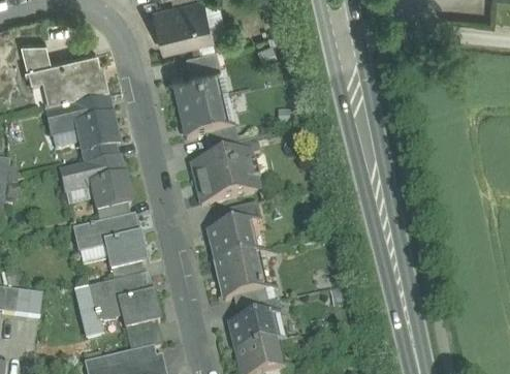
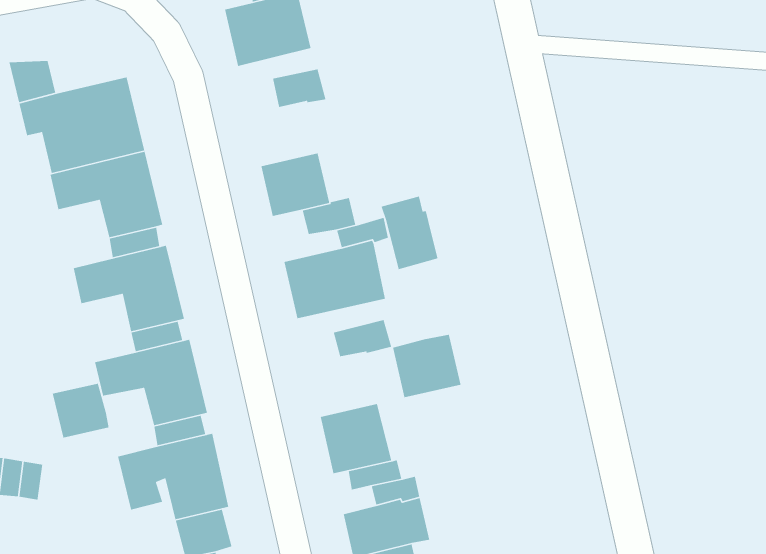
building: [170,64,214,104] -> none
building: none -> [381,195,438,270]
building: [208,221,251,261] -> [392,334,461,398]
building: none -> [52,383,109,438]

